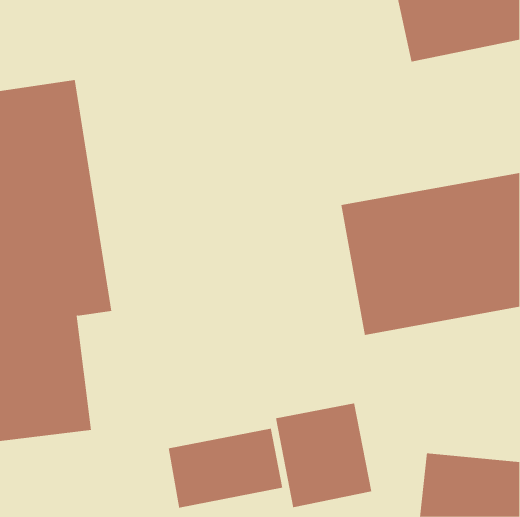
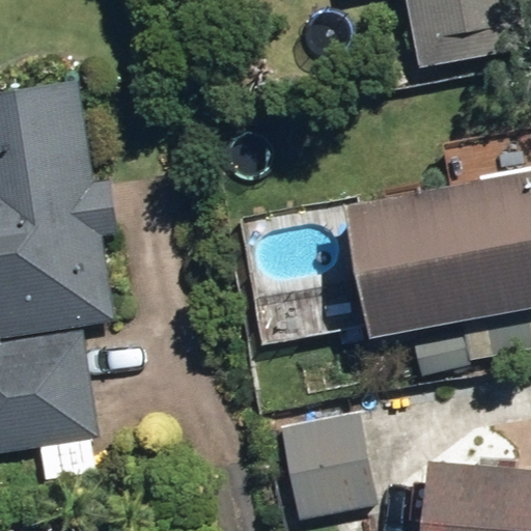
building: [168,428,283,508] -> none

